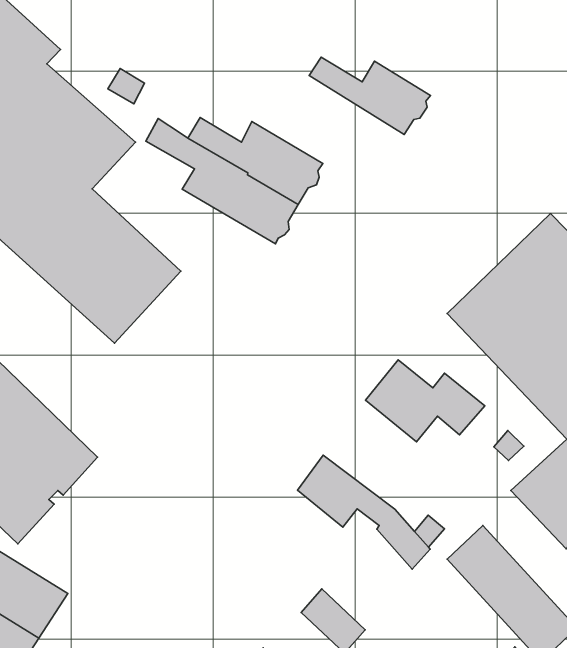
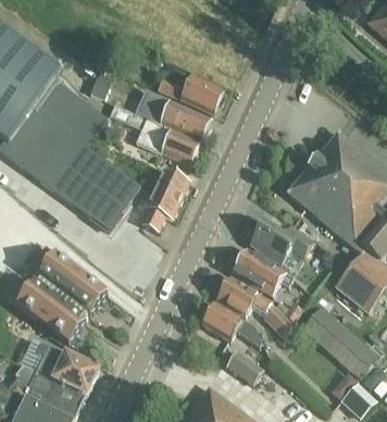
building: [309,57,431,134] -> [157,76,224,114]
building: none -> [141,170,189,231]
building: none -> [233,249,292,288]
building: none -> [202,302,262,345]

